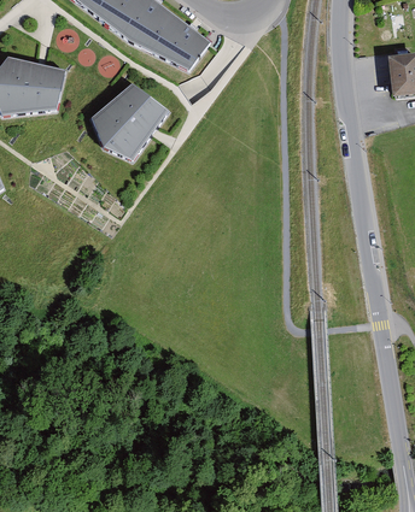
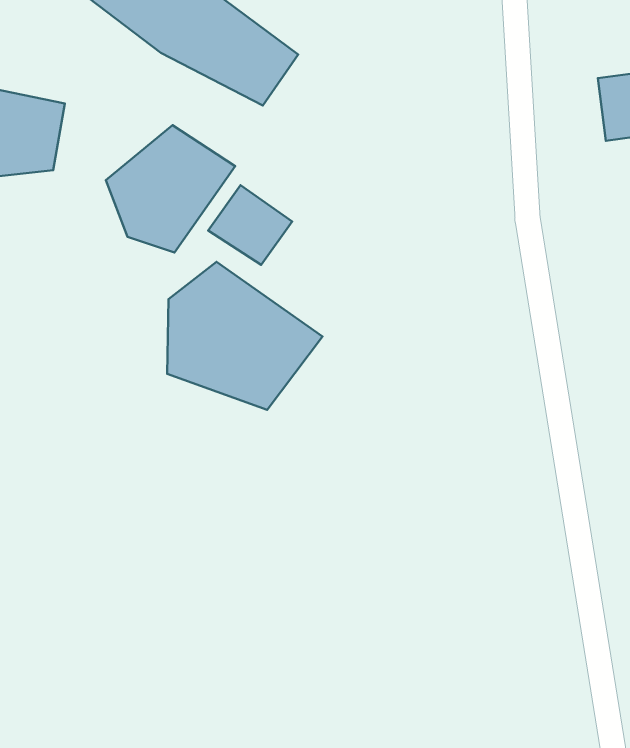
building: none -> [208,185,292,265]
building: none -> [167,262,322,410]

